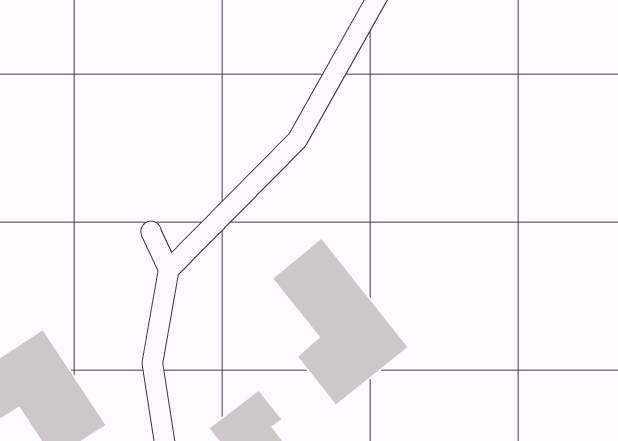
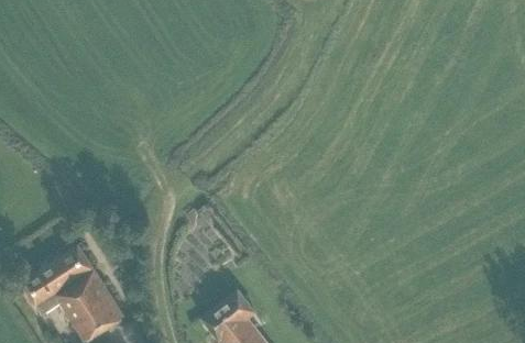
building: [272,238,409,406] -> none

